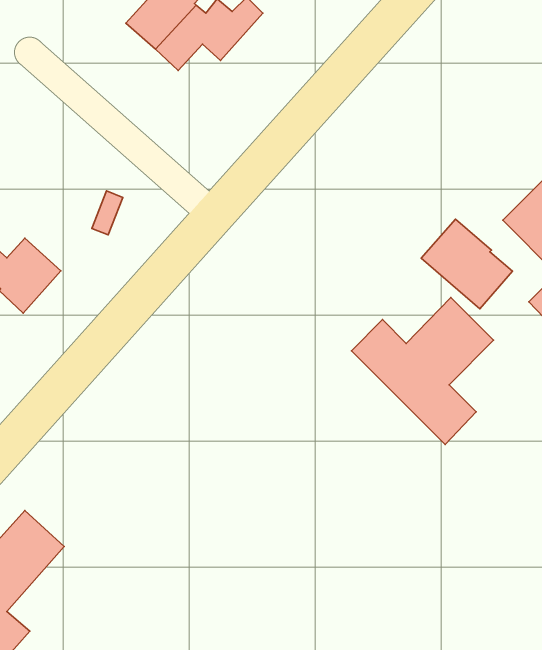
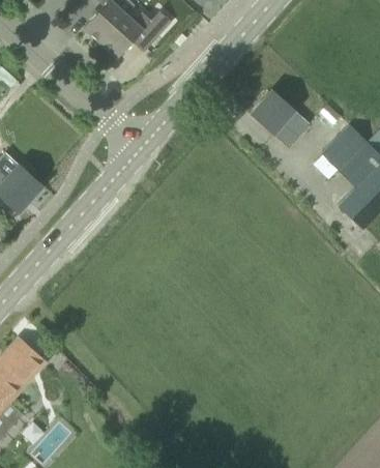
building: [421,219,513,309] -> [250,89,308,146]
building: [351,297,494,444] -> none

